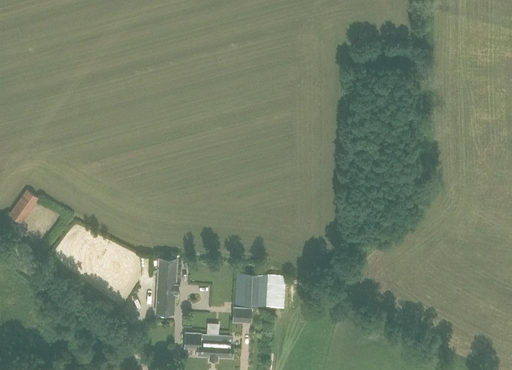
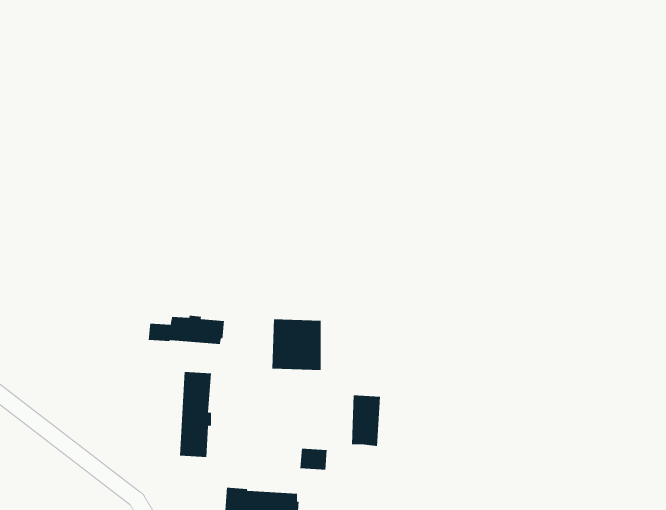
building: none -> [148,315,225,345]
building: [231,272,263,305] -> [271,319,322,370]

